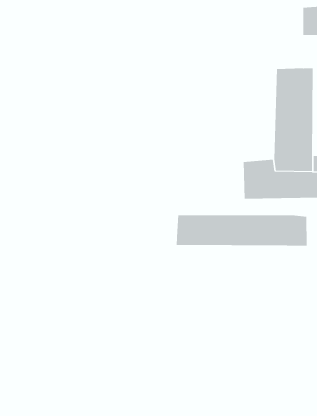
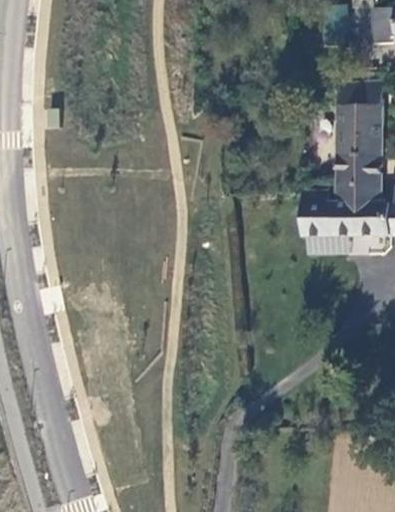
building: [176,214,307,247] -> none

